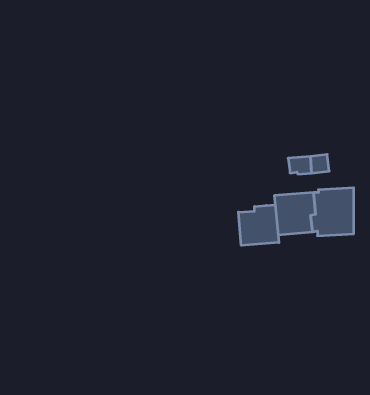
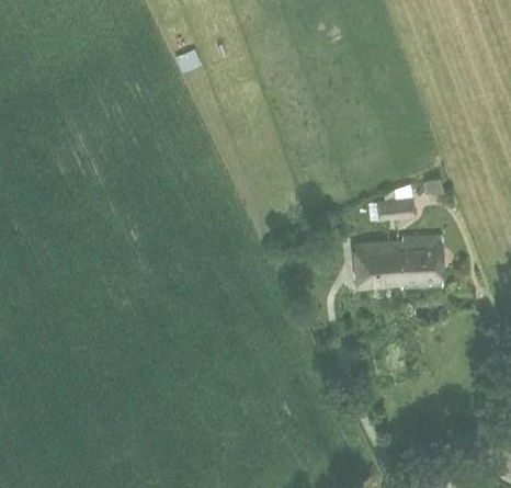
building: [238,205,279,245] -> none

